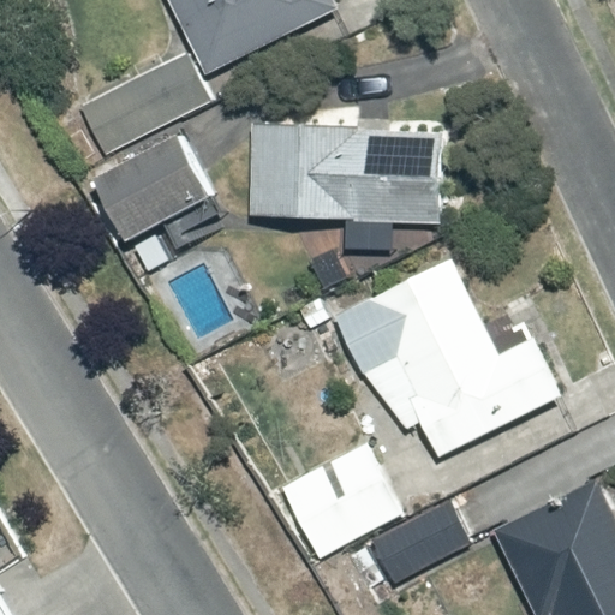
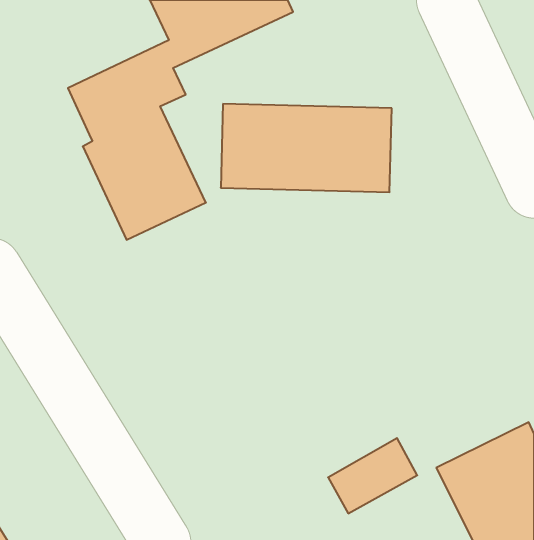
building: [336,257,561,454] -> none
building: [277,443,396,557] -> none

